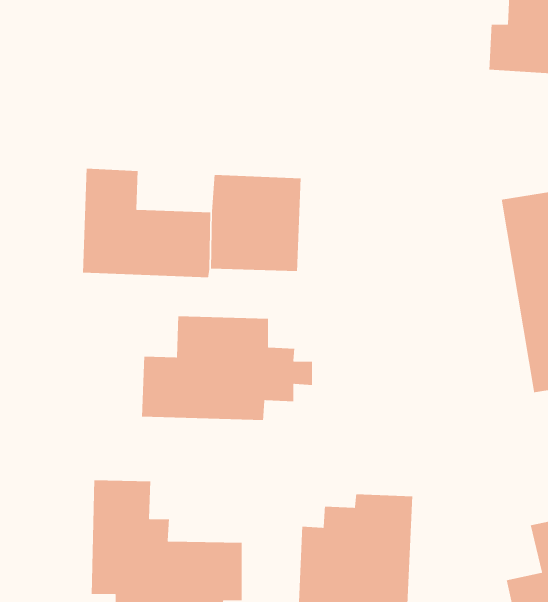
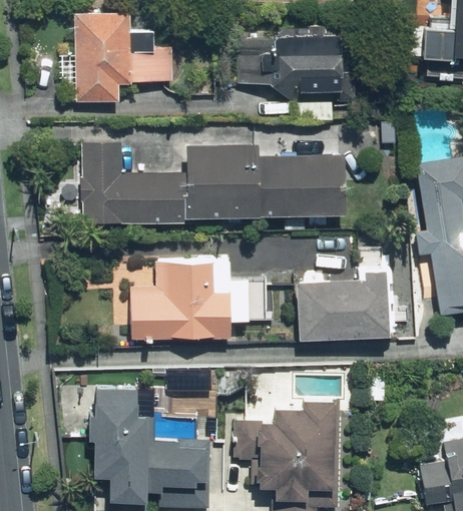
building: none -> [77,11,177,101]
building: none -> [243,36,338,118]
building: none -> [262,153,348,218]
building: none -> [297,270,392,340]

